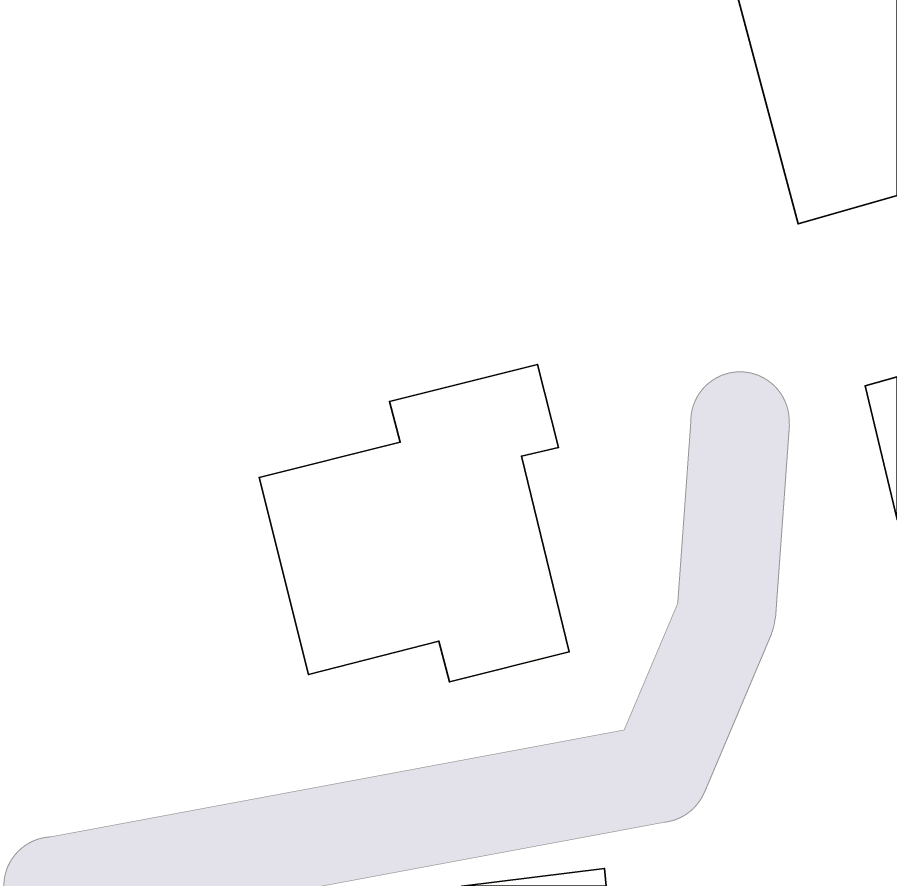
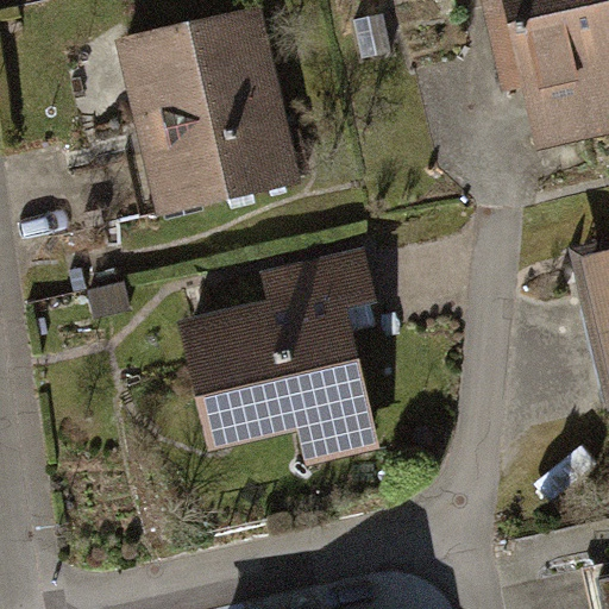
building: none -> [123,8,295,208]

